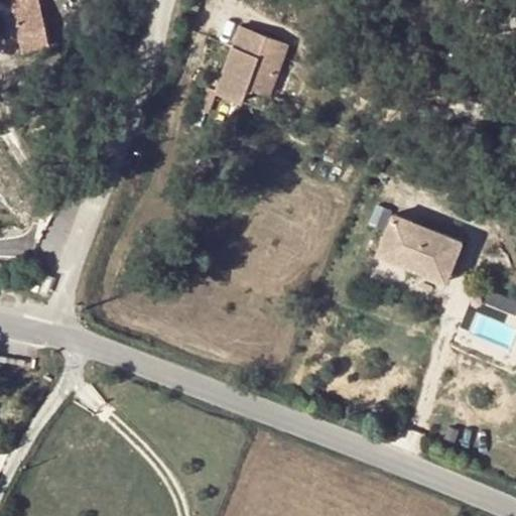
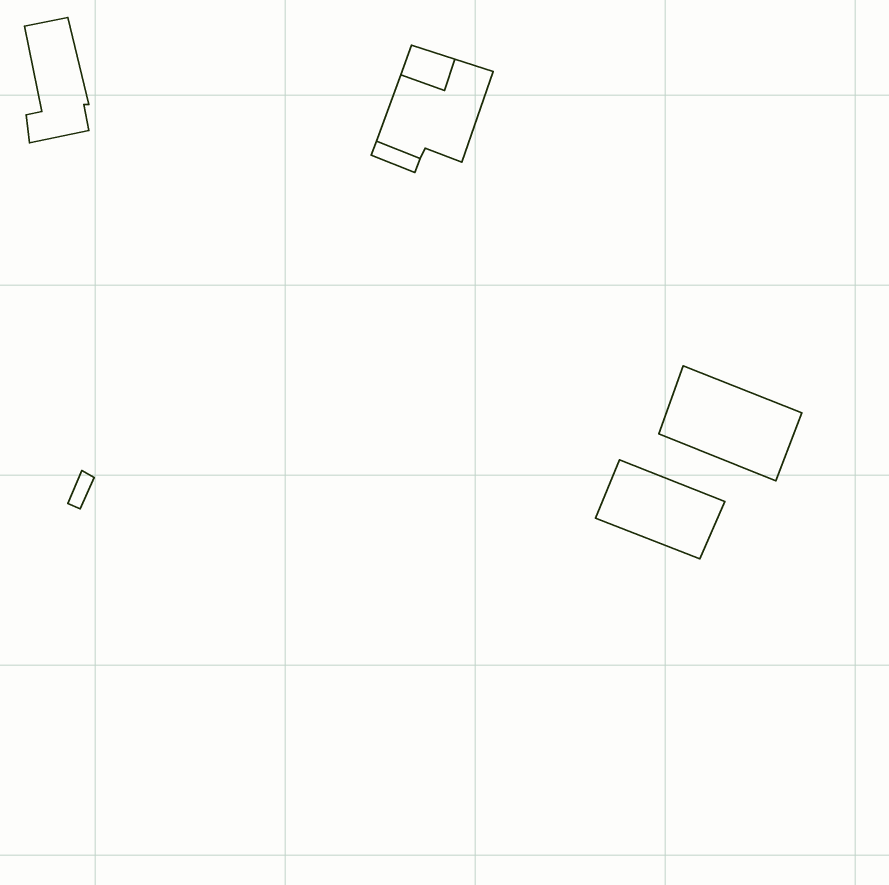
building: none -> [596,460,725,559]

